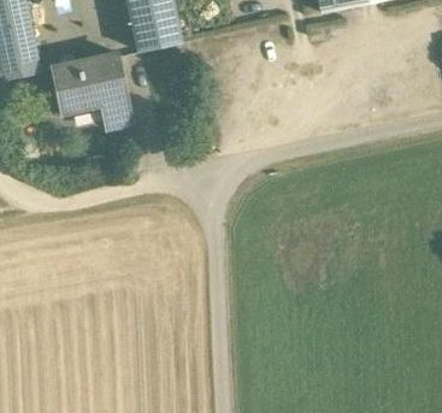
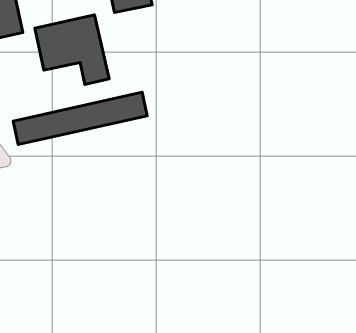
building: none -> [13,92,147,144]

